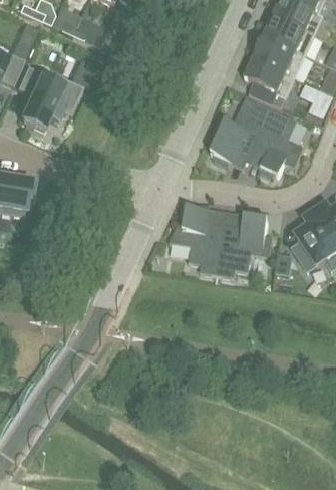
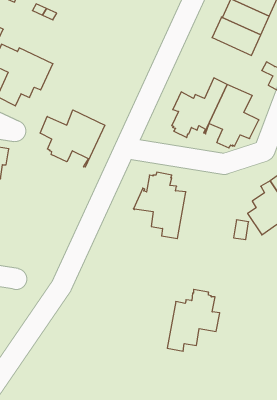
building: [244,57,295,107] -> none
building: none -> [40,110,105,167]
building: [216,210,272,276] -> [167,289,220,351]

